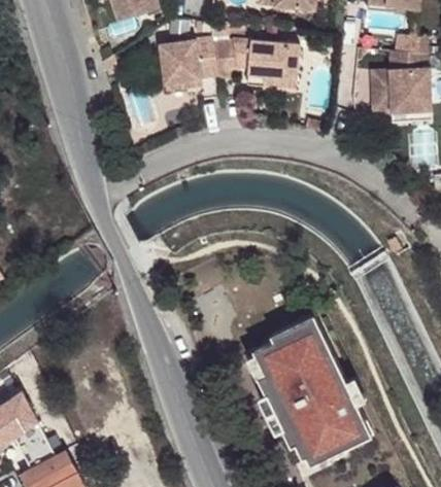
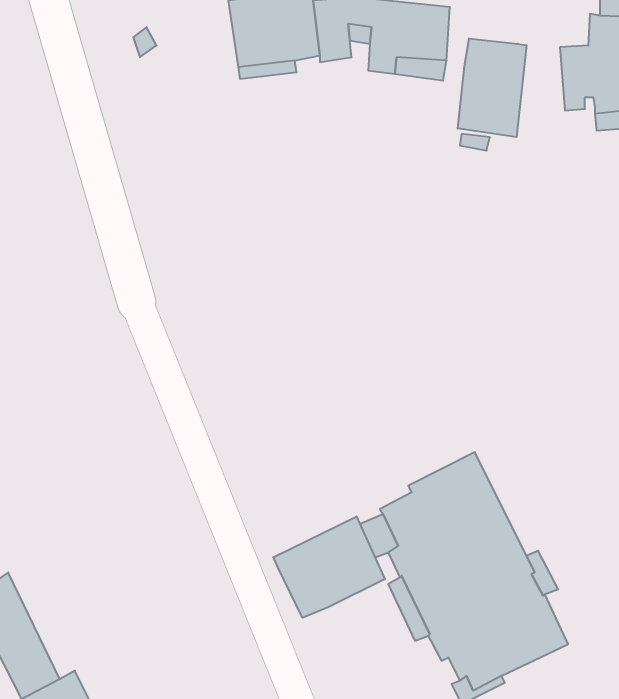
building: none -> [458,38,526,137]
building: none -> [273,516,385,618]

